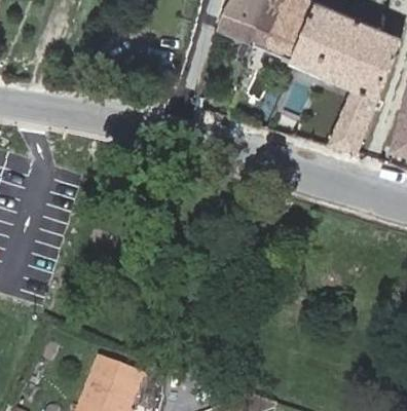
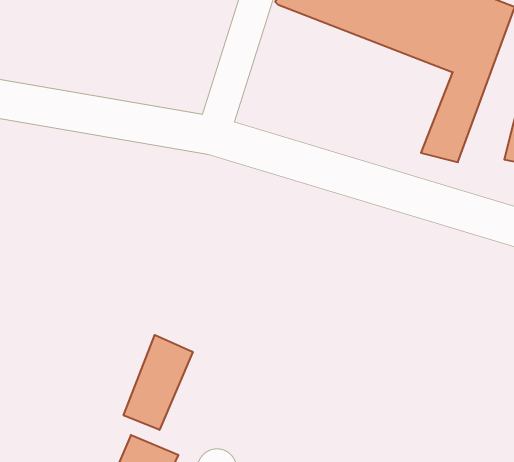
building: none -> [124,335,193,430]

